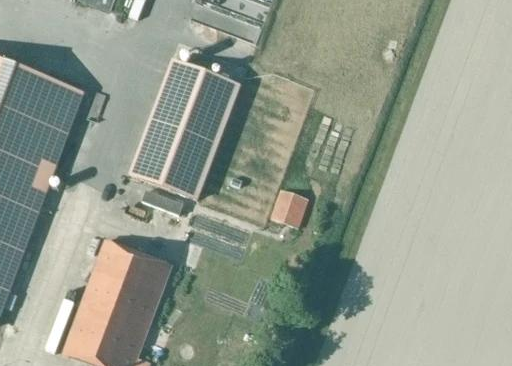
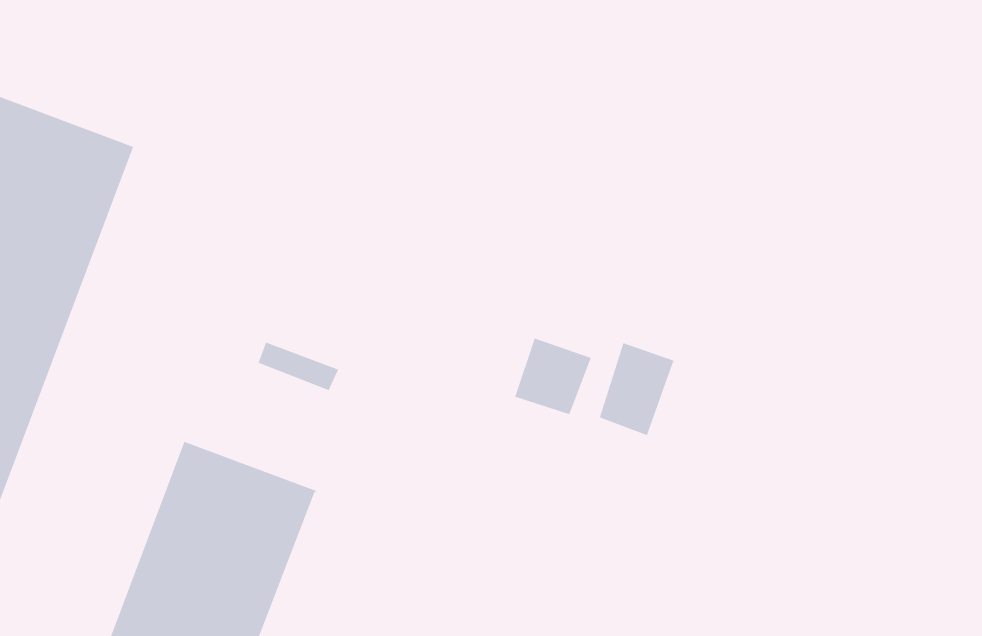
building: [129,60,239,198] -> none
building: none -> [599,342,675,436]

